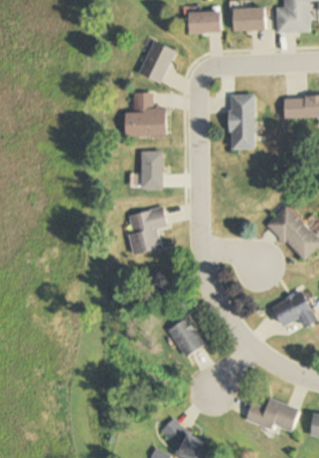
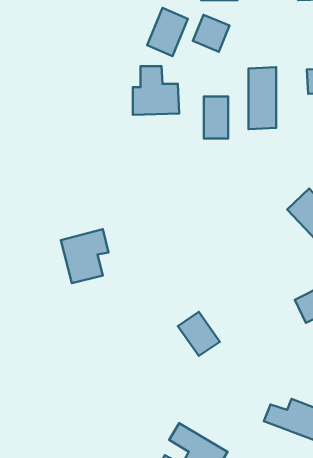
building: none -> [193,15,229,52]
building: [140,151,162,189] -> [204,97,228,139]
building: [124,206,167,256] -> [61,229,108,283]

